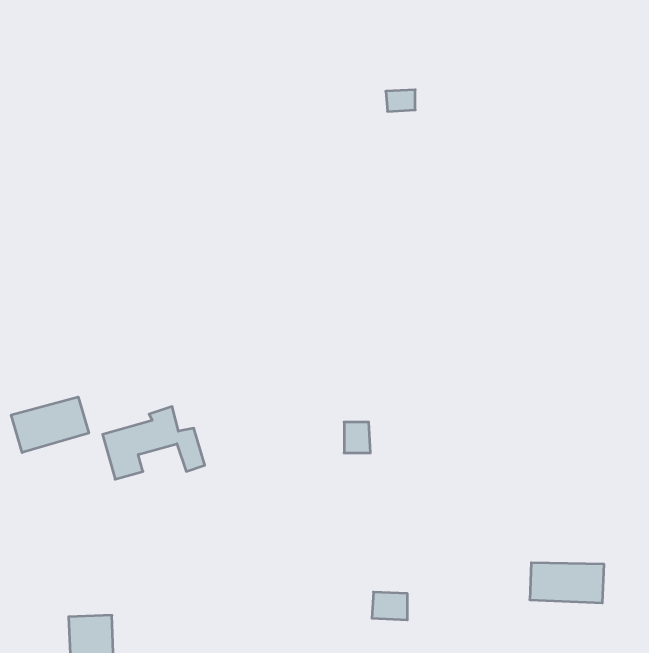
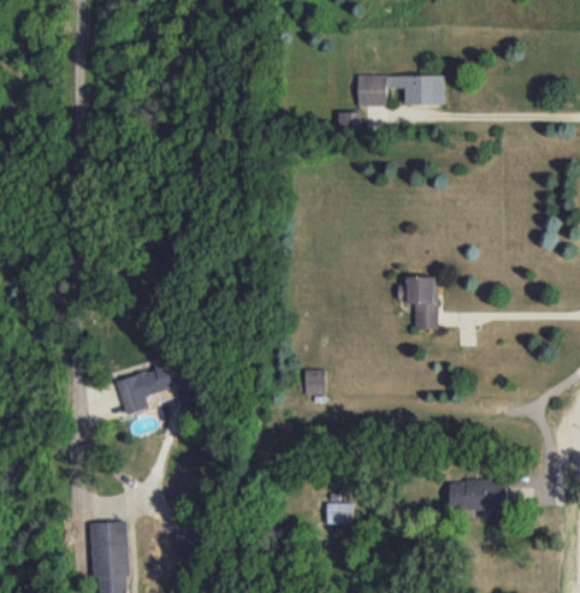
building: none -> [357,75,444,107]
building: none -> [397,277,438,330]
building: [11,397,89,453] -> none

